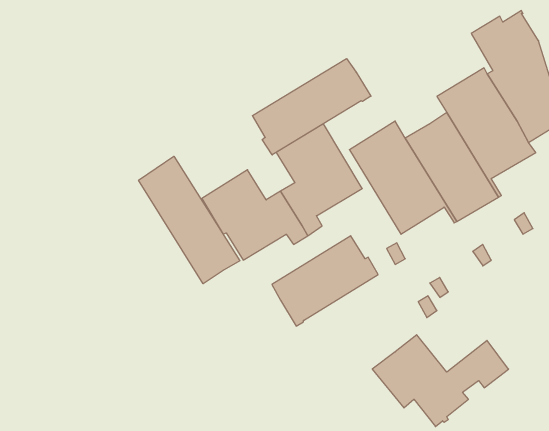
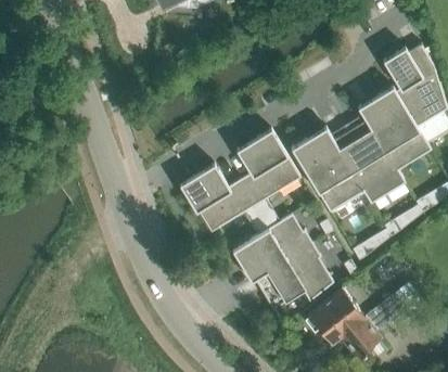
building: [252,59,371,155] -> none
building: [139,156,240,284] -> none
building: none -> [256,243,334,309]

